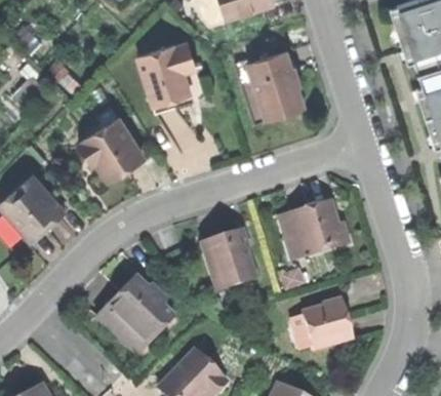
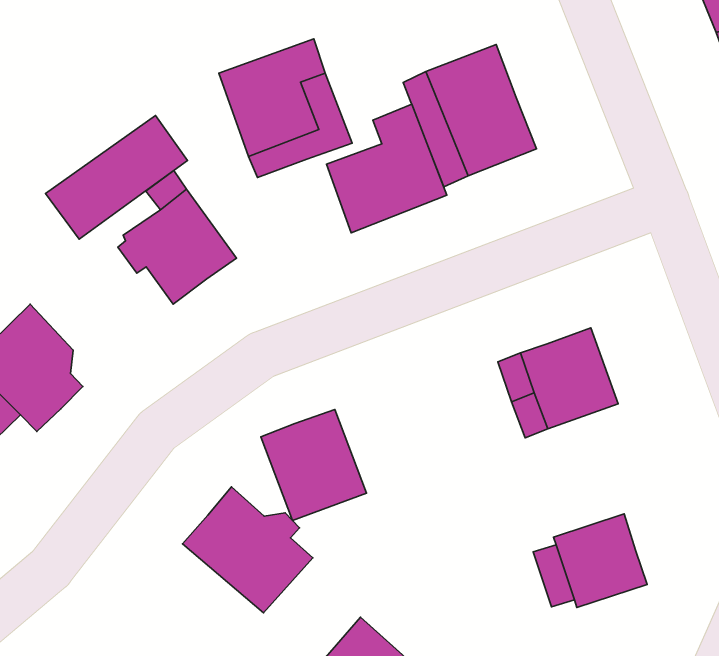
building: none -> [46,115,188,239]
building: none -> [327,104,447,233]
building: [201,231,255,288] -> [261,410,366,520]

